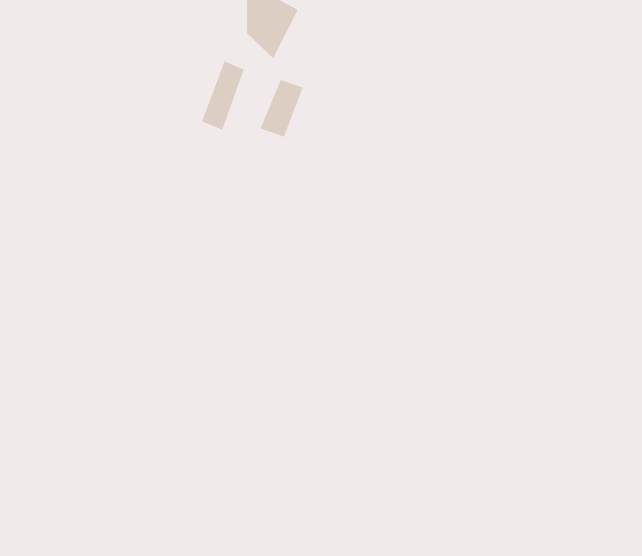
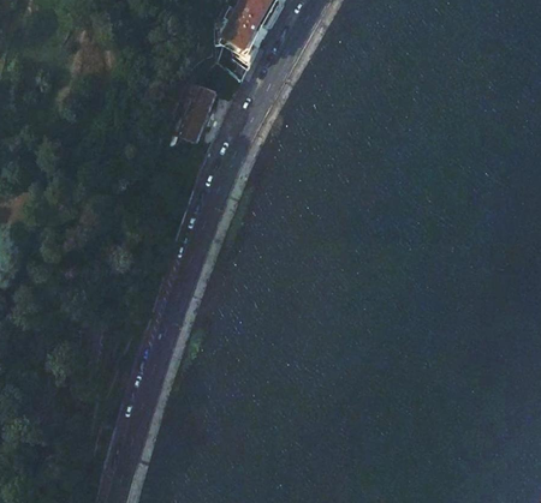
building: [260,79,304,138] -> none

